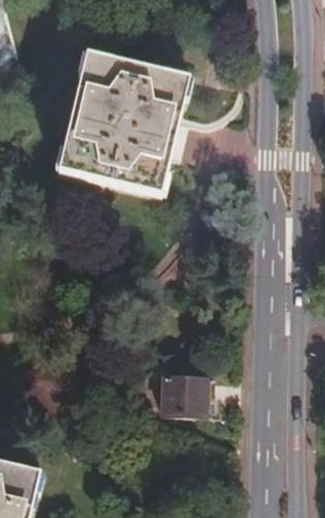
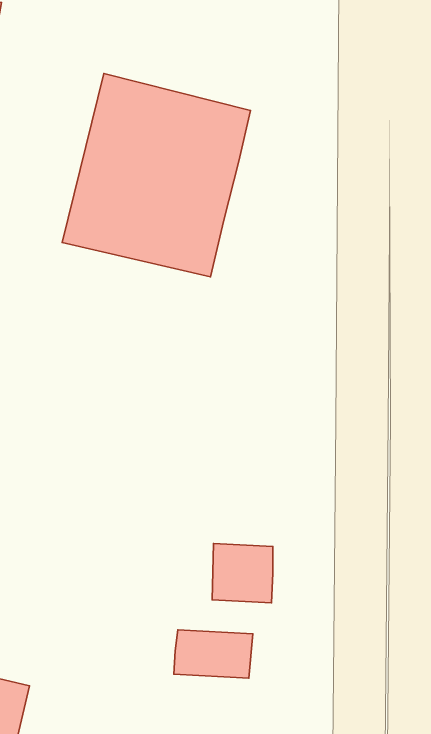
building: none -> [174,630,253,678]

